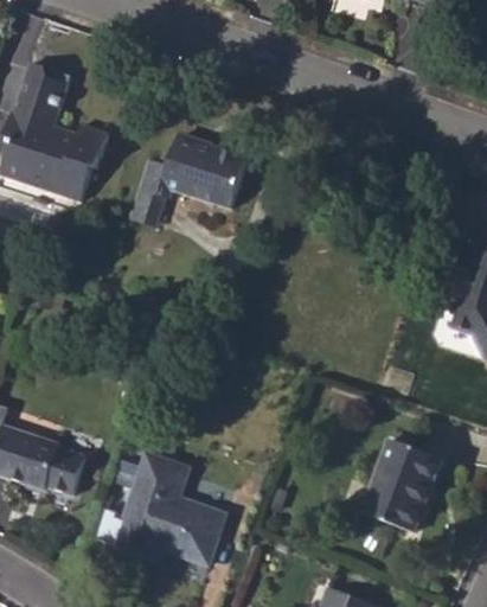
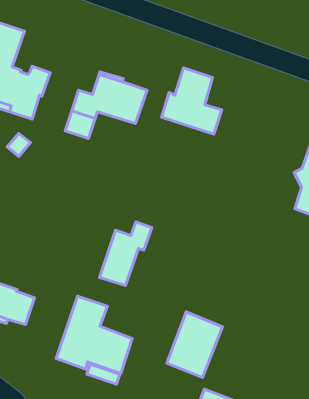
building: none -> [161,68,222,134]
building: none -> [100,222,152,285]
building: [361,437,441,531] -> [167,312,223,377]

